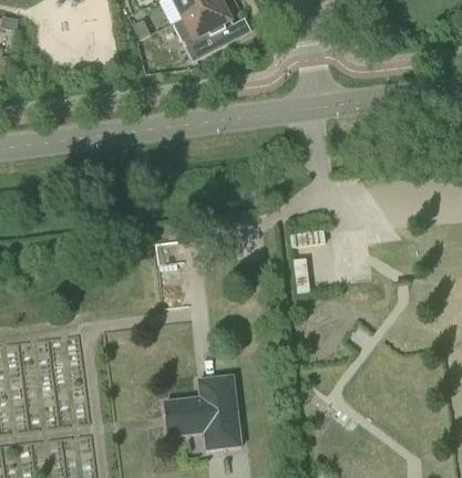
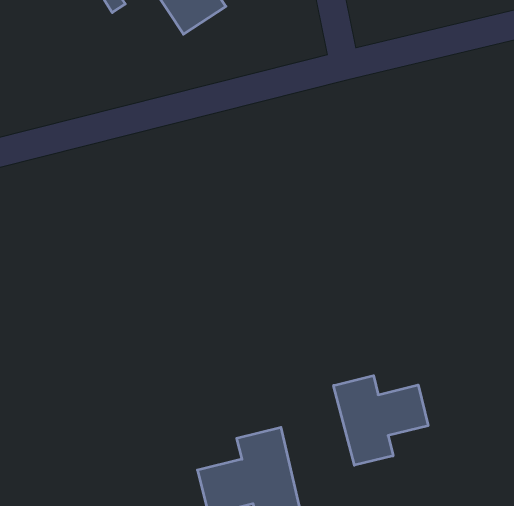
building: none -> [334,376,428,465]

